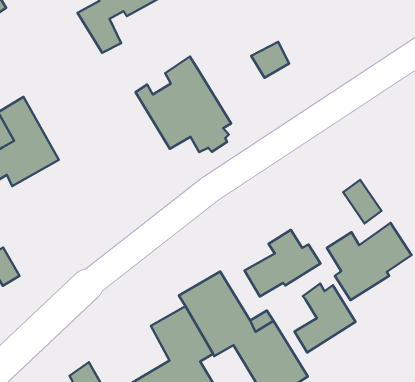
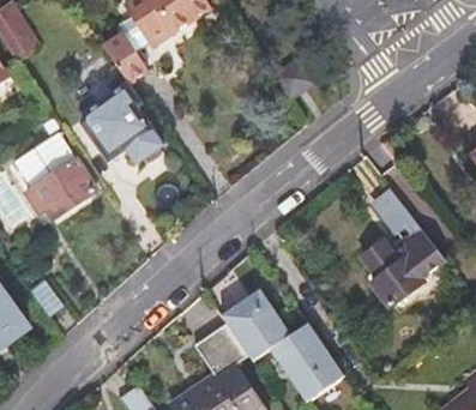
building: [136,56,231,152] -> [71,71,165,163]
building: [244,230,320,296] -> none
building: [295,284,356,353] -> none

